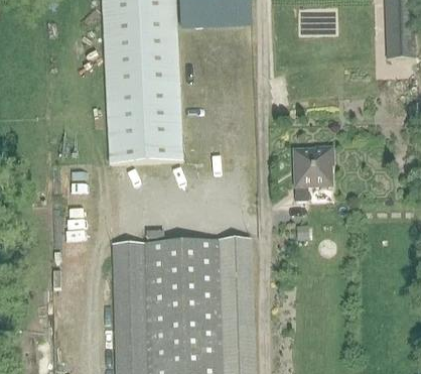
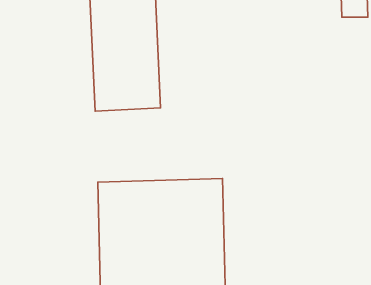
building: [293,145,333,200] -> none

